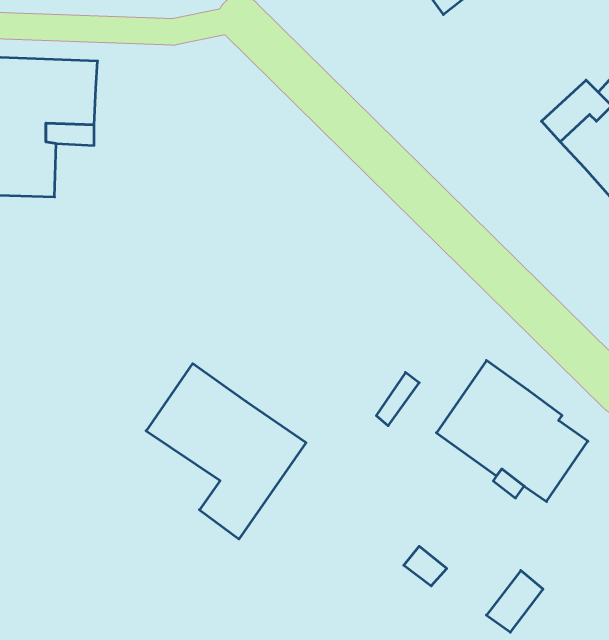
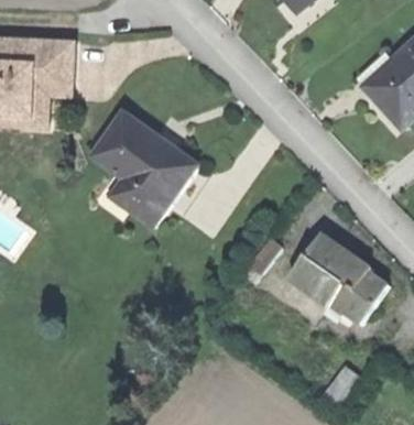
building: [146,364,306,539] -> [94,115,196,227]

